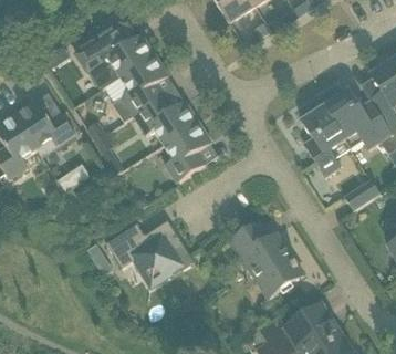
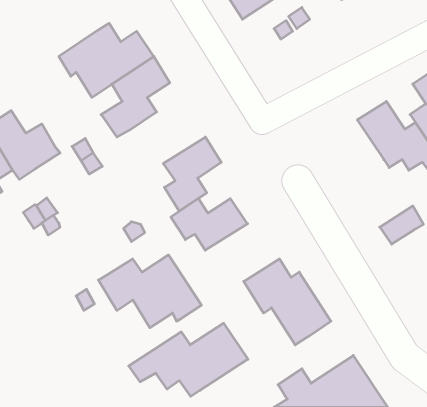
building: [134,100,198,143] -> [171,199,248,250]
building: [302,106,347,177] -> none
building: none -> [129,323,248,396]

